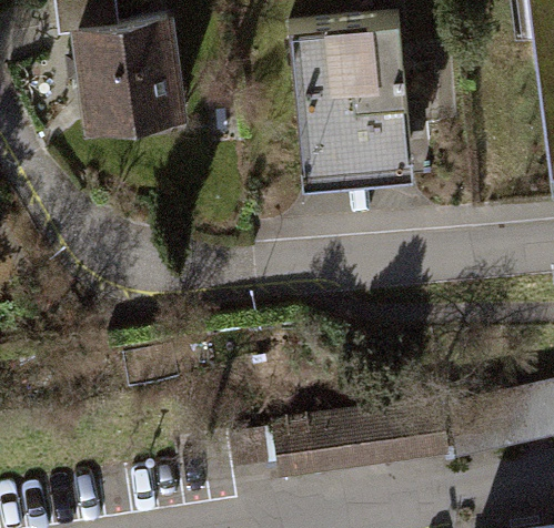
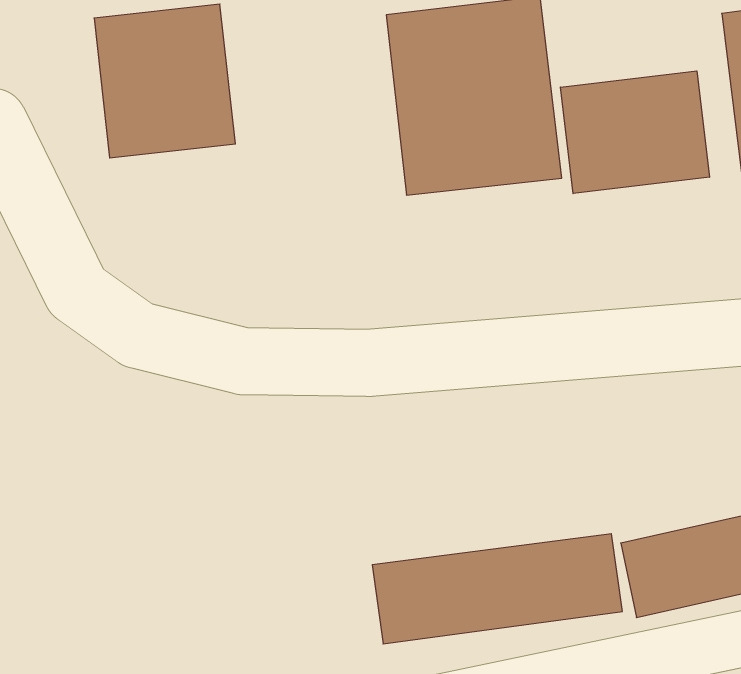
building: none -> [560,71,709,194]

